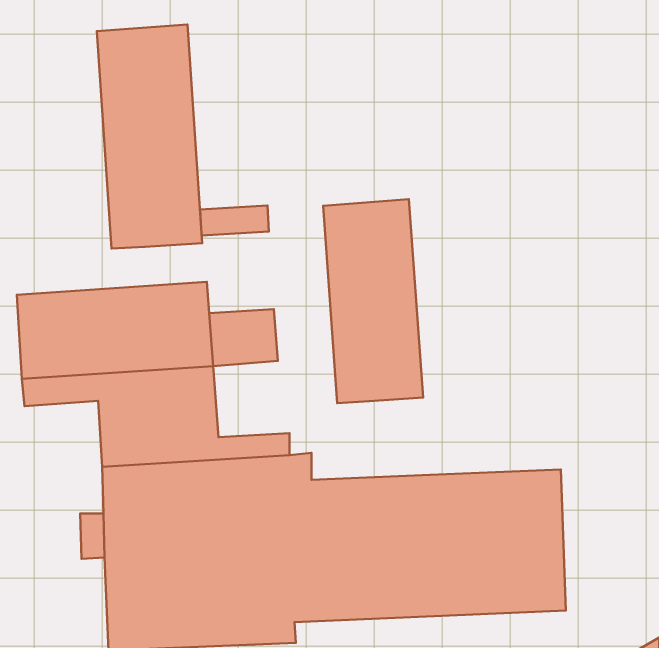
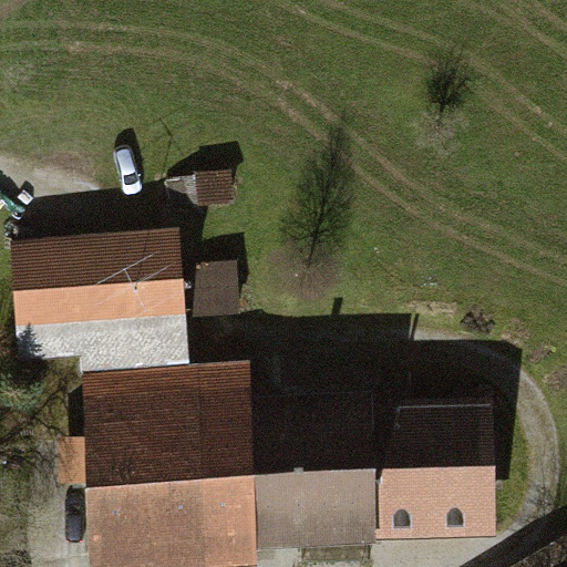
building: [97,25,202,248] -> none
building: [323,199,423,403] -> none

